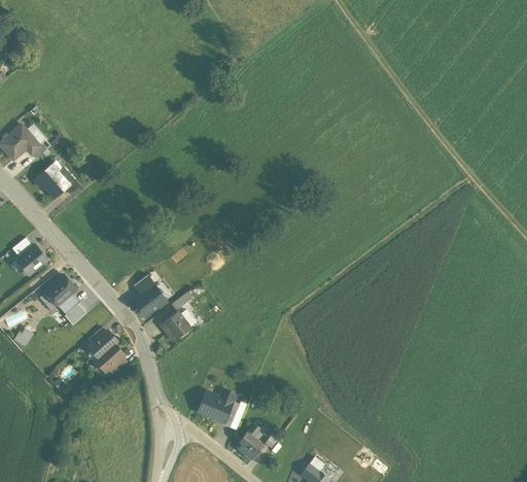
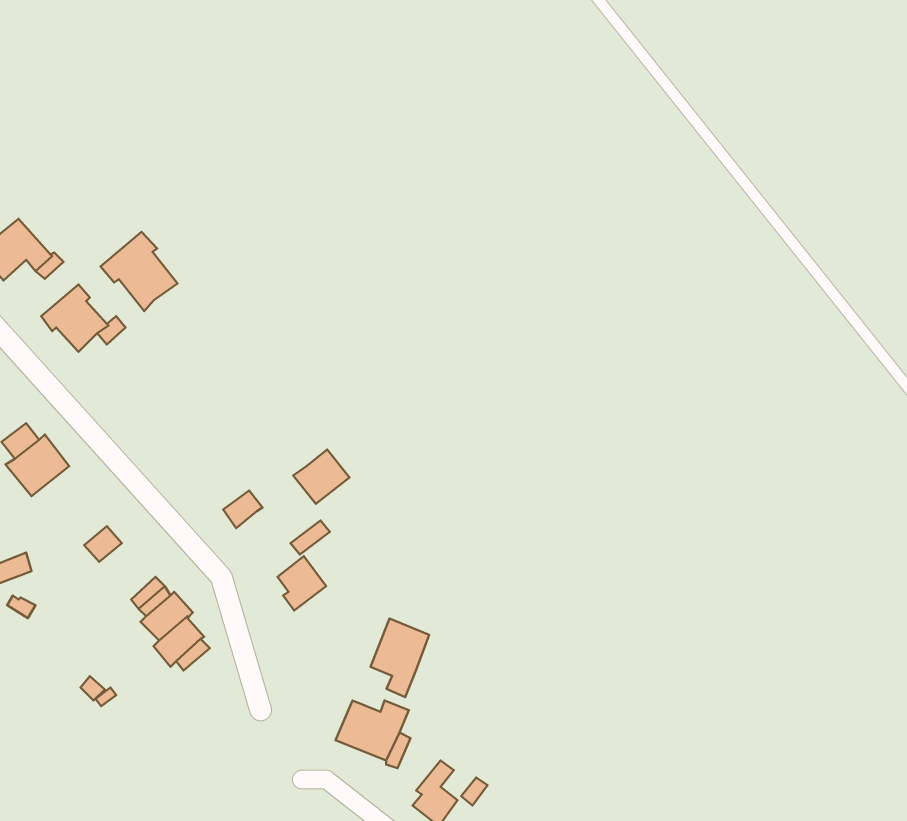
building: none -> [101,232,178,311]
building: [46,275,76,306] -> none
building: [134,286,165,316] -> [293,449,350,504]
building: none -> [370,619,429,697]

